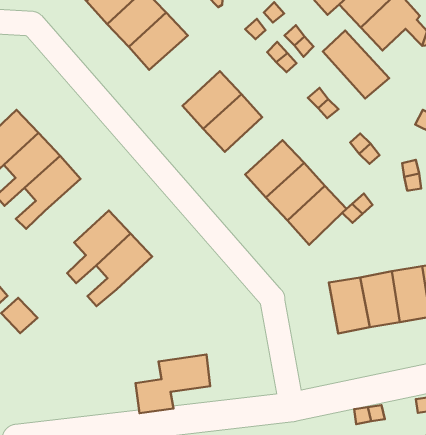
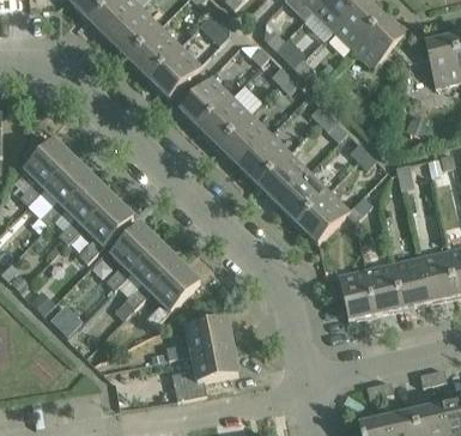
building: [323,31,389,99] -> none
building: none -> [178,74,230,126]
building: none -> [238,132,289,183]
building: none -> [77,195,132,261]
building: none -> [144,260,199,326]
building: none -> [165,316,232,358]

